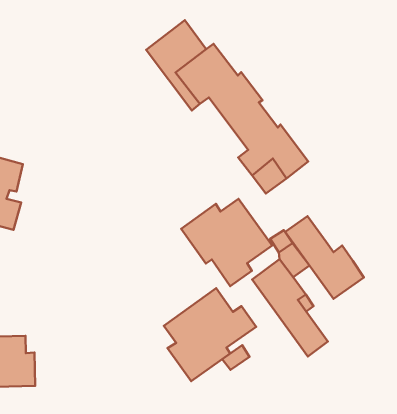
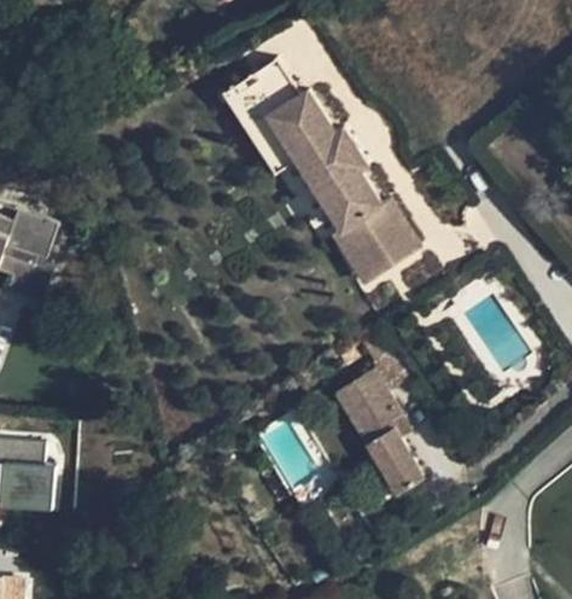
building: [181,199,272,286] -> none
building: [285,216,364,299] -> none
building: [164,288,256,381] -> none

